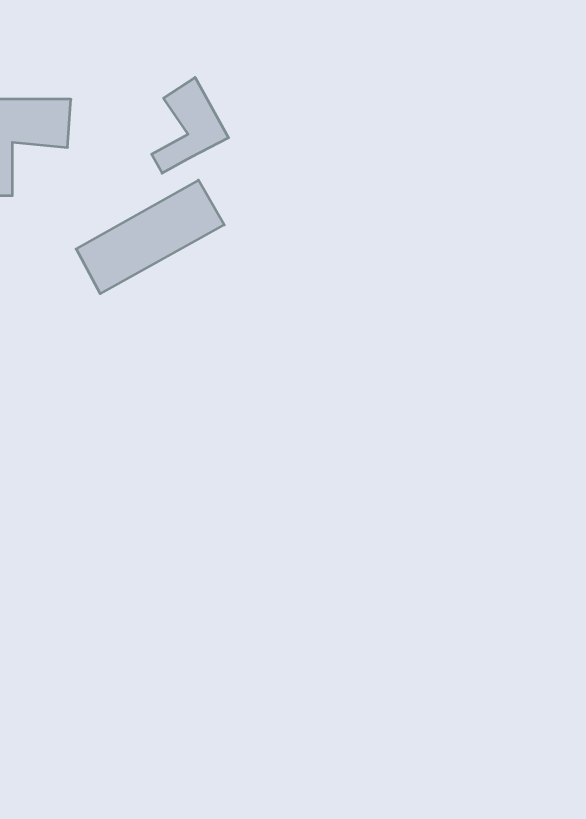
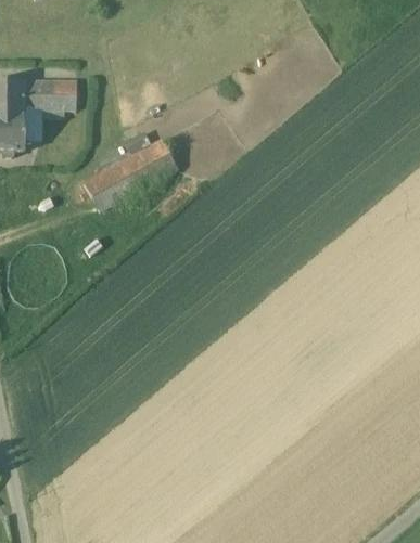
building: [152,77,229,173] -> none

